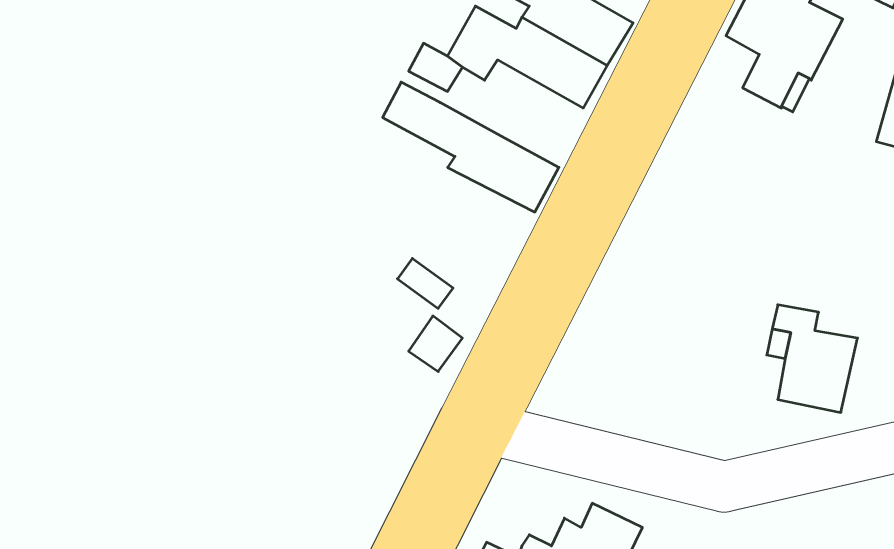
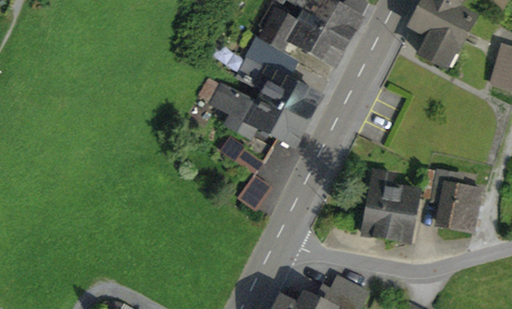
building: none -> [256,43,298,79]
building: none -> [200,77,307,147]
building: none -> [363,171,417,241]

